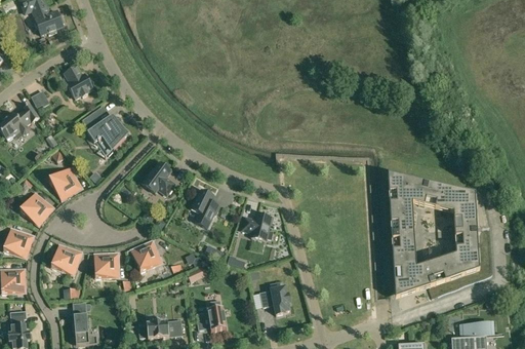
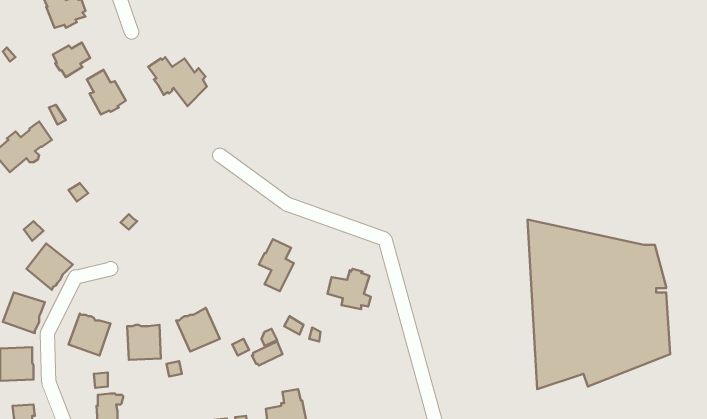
building: none -> [53,42,90,77]
building: [83,115,126,151] -> [148,57,207,106]
building: [142,163,175,195] -> none
building: [49,167,82,201] -> none
building: [259,286,290,315] -> none

